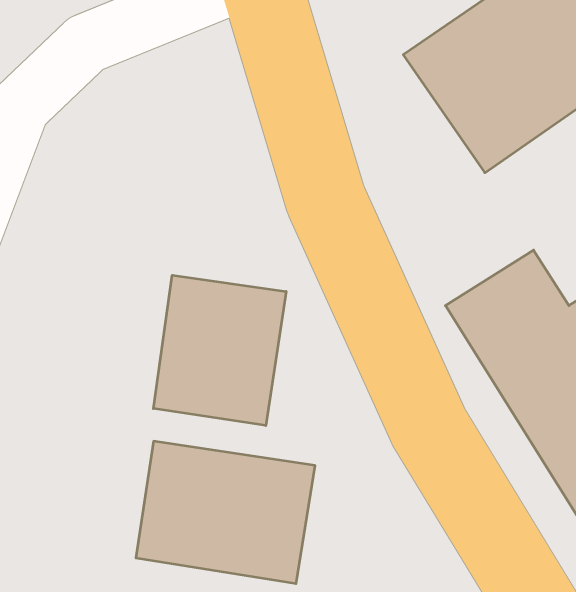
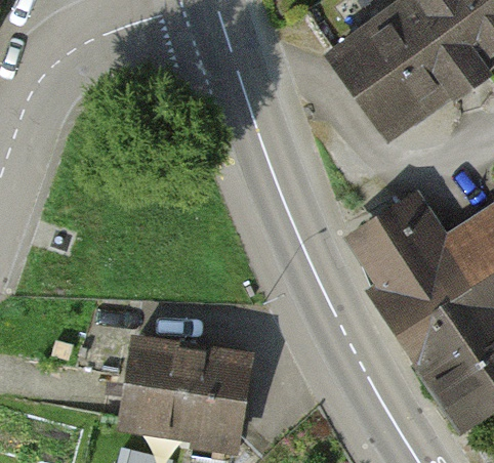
building: [153,275,286,426] -> none

